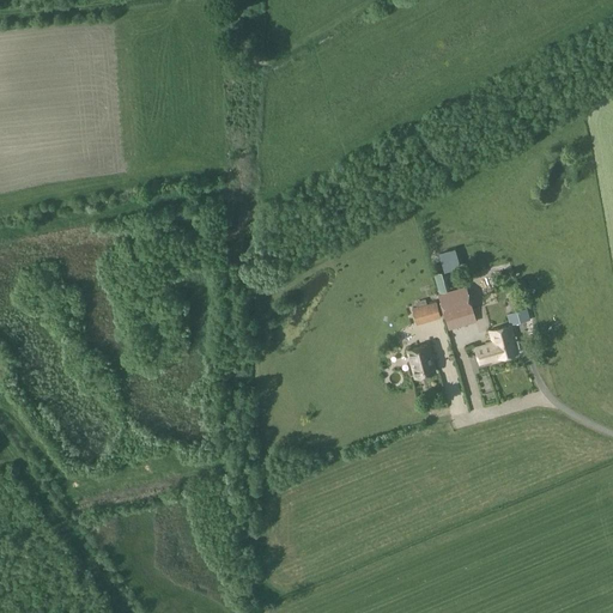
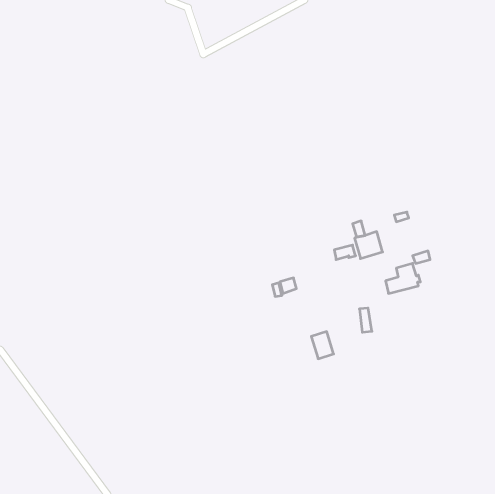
building: [407,345,435,378] -> [311,332,334,359]

